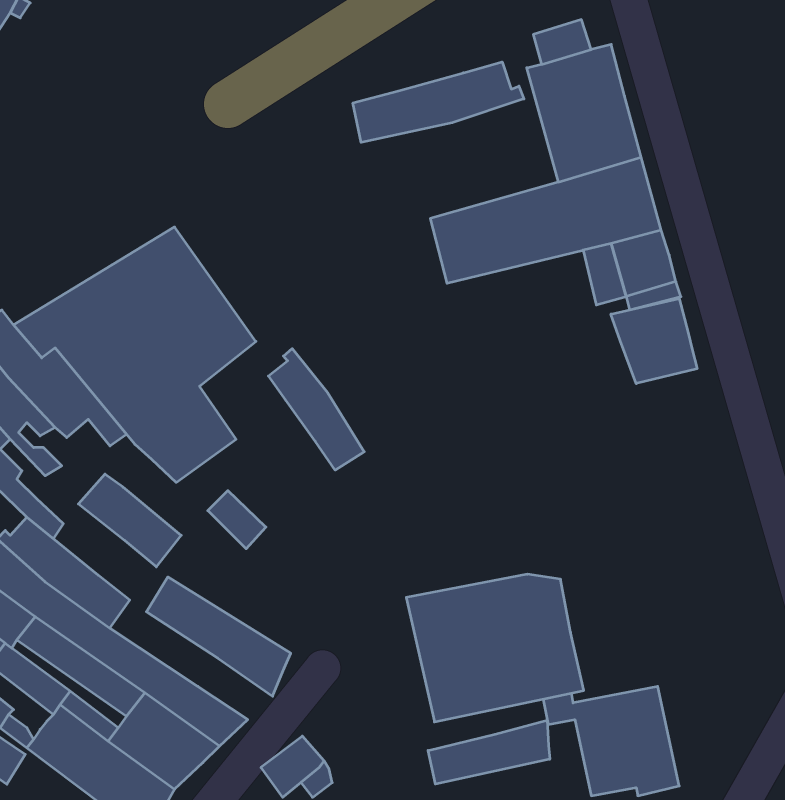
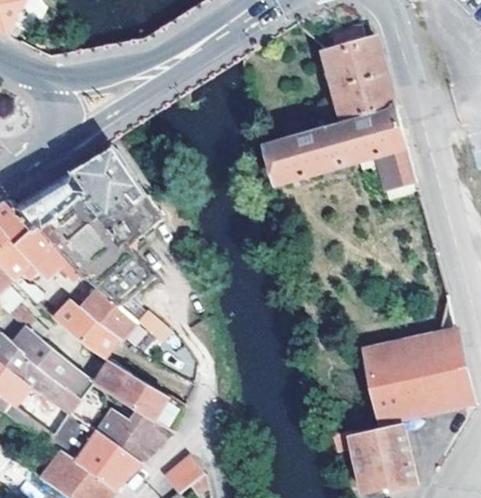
building: [353,62,524,142] -> none
building: [611,299,697,384] -> none
building: [268,349,364,470] -> none
building: none -> [80,288,128,334]
building: [406,574,584,722] -> [364,333,471,422]
building: none -> [125,408,170,445]
building: [428,720,550,784] -> none

